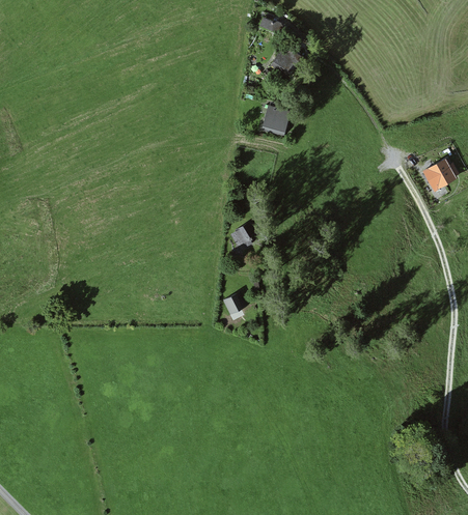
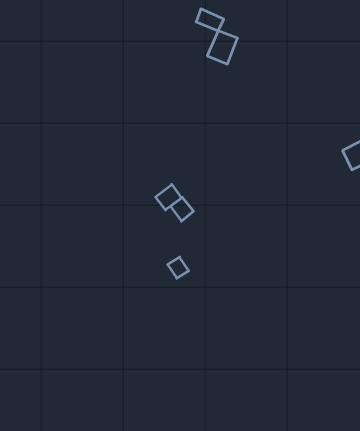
building: [259,108,288,137] -> none
building: none -> [156,184,181,210]

